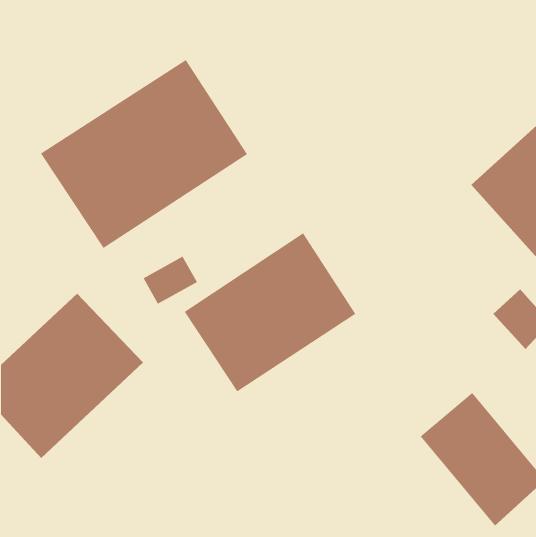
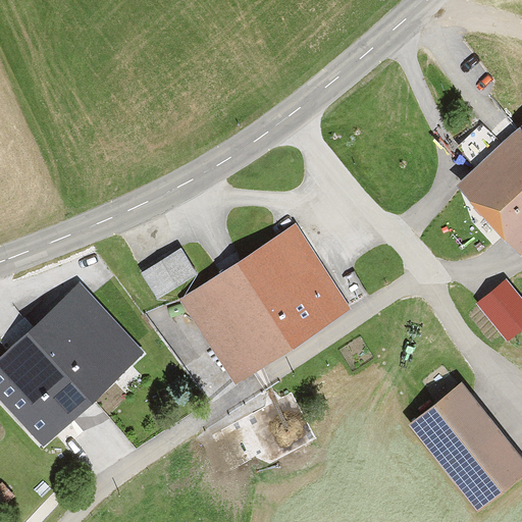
building: [40,59,248,249] -> none

